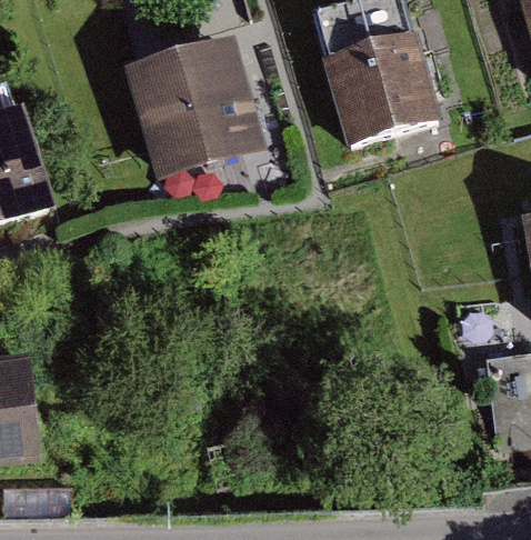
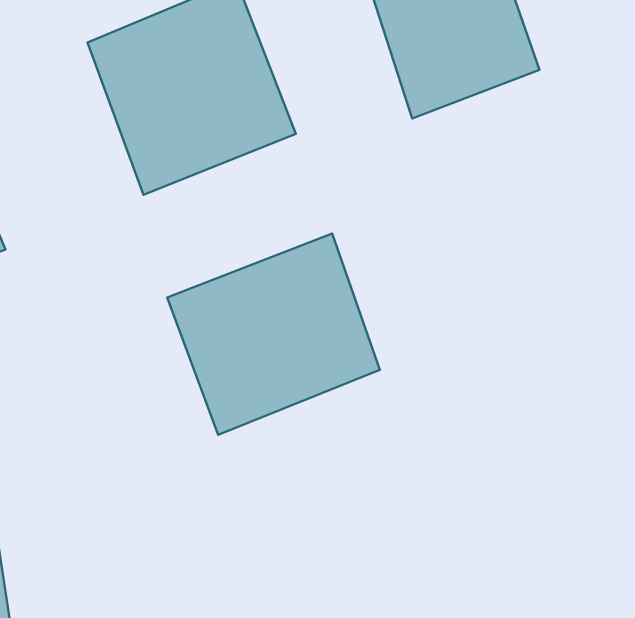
building: none -> [167,234,380,435]

